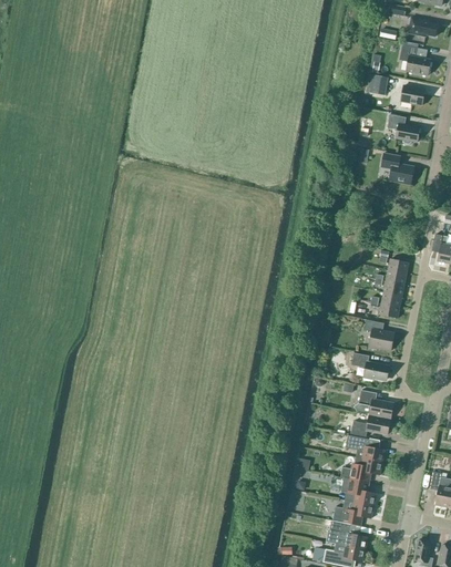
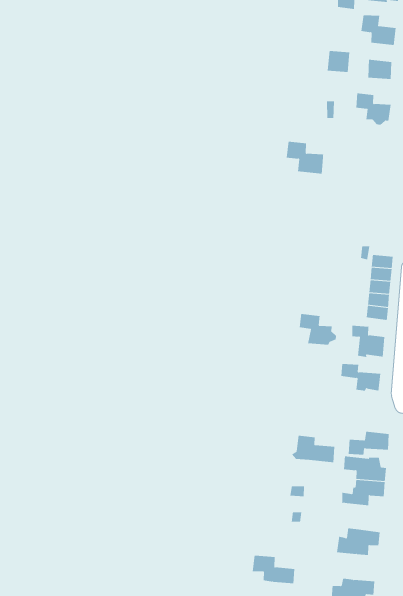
building: [380,152,414,184] -> [286,141,324,174]
building: none -> [299,313,336,345]
building: [353,389,393,416] -> [291,435,335,463]
building: [341,476,376,505] -> none
building: [328,519,367,548] -> [252,555,295,584]

